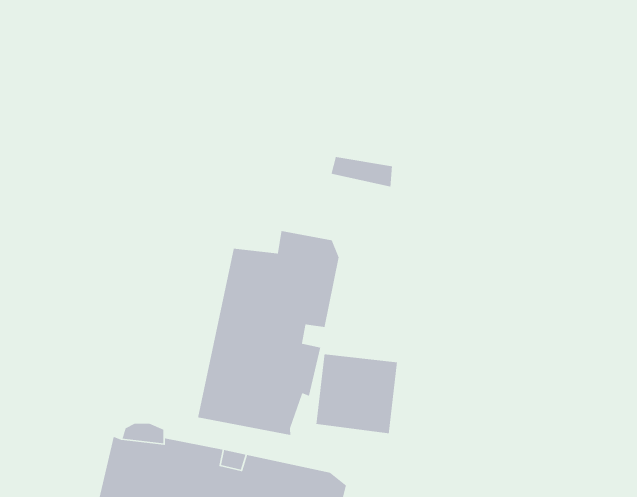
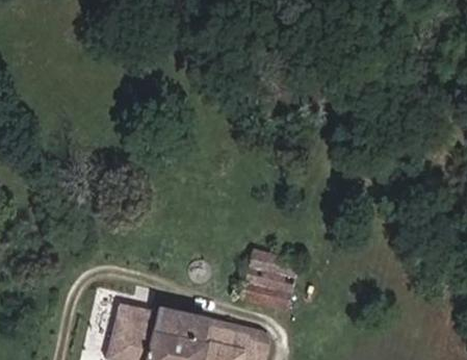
building: [197,230,340,436] -> none

